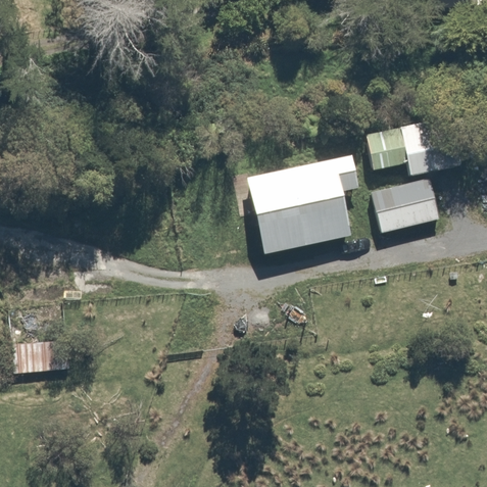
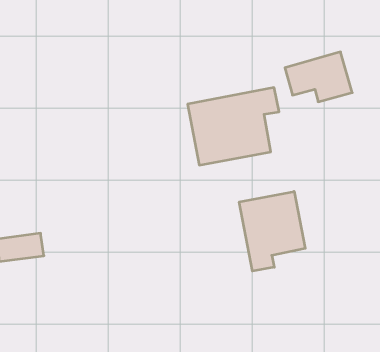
building: [373,179,439,230] -> none
building: none -> [239,191,305,271]

